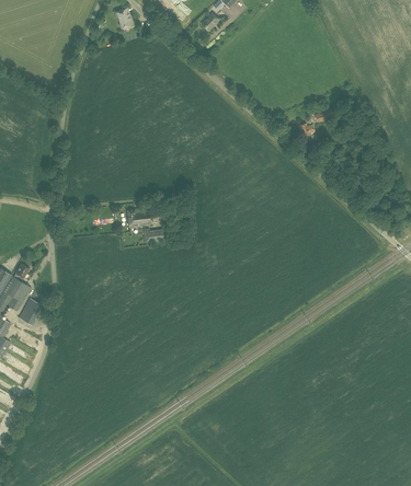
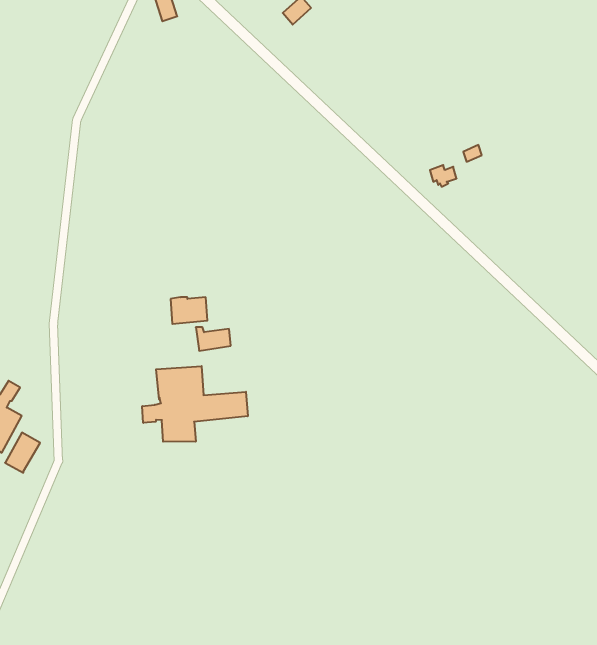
building: none -> [142,366,248,442]

